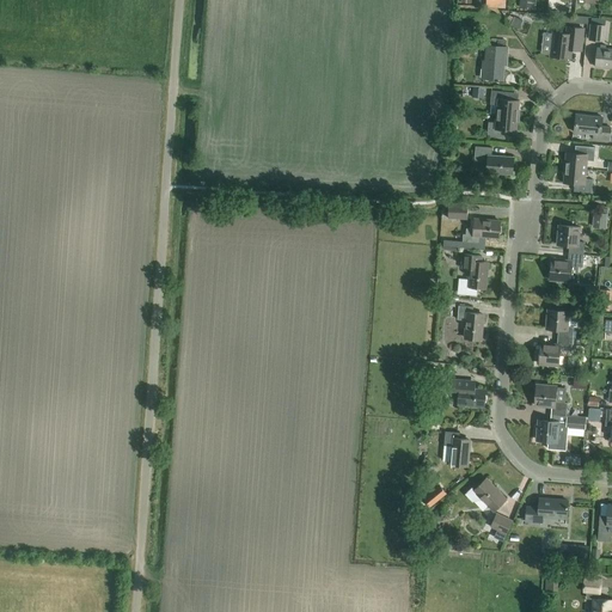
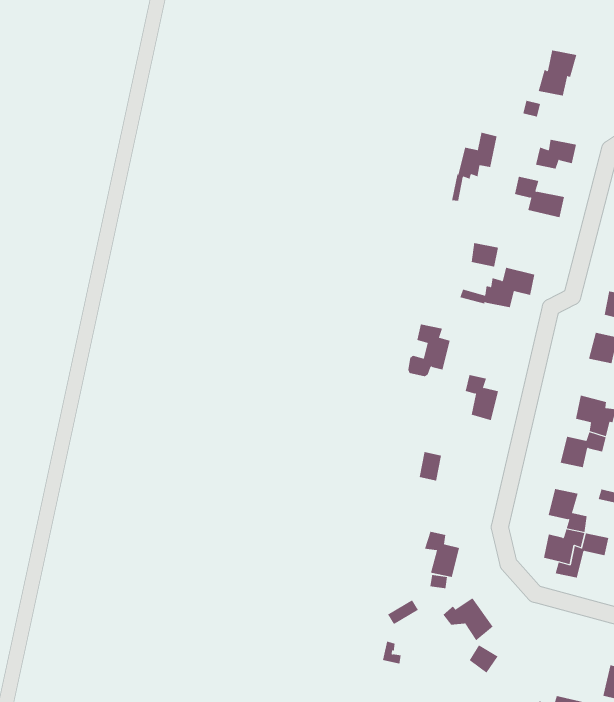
building: [490,91,519,116] -> none
building: none -> [452,132,497,202]
building: [459,255,489,295] -> [408,324,450,377]
building: [451,379,484,408] -> none
building: [526,498,568,522] -> none

